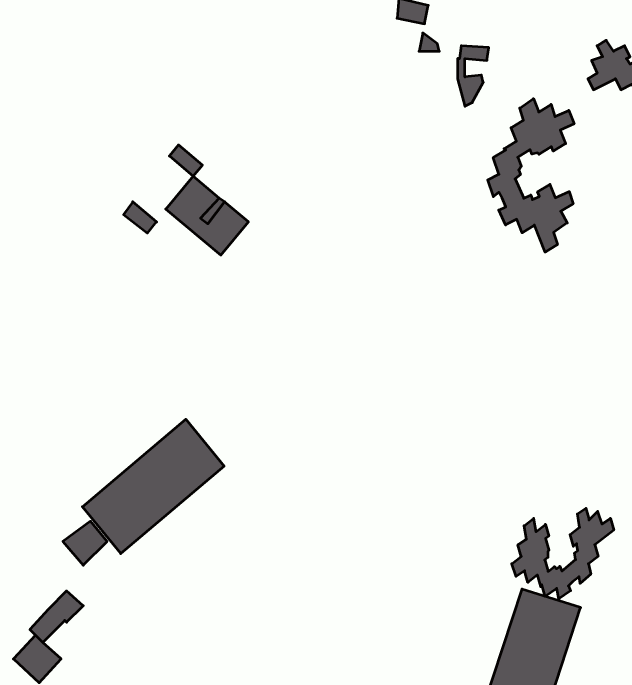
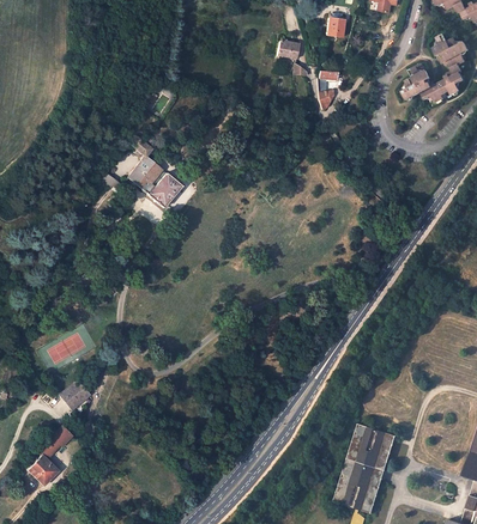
building: [488,99,574,252] -> none
building: [82,419,224,554] -> none
building: [512,508,614,599] -> none

